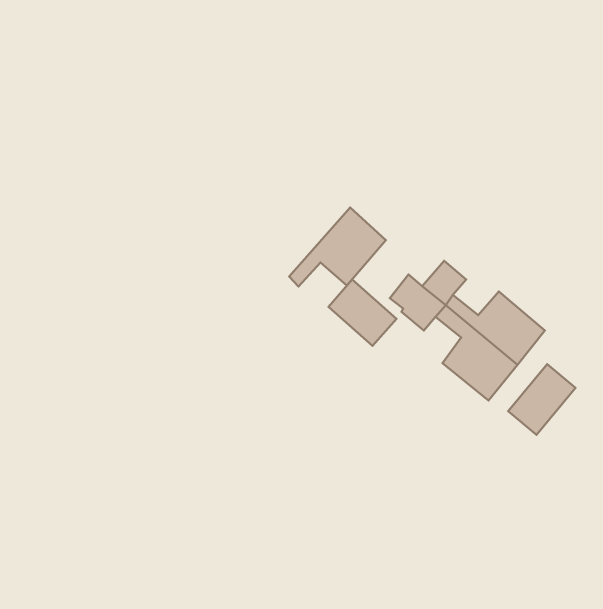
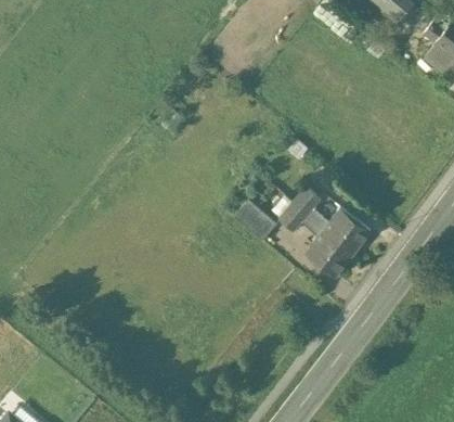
building: [289,207,386,286] -> none
building: [508,364,575,435] -> none

